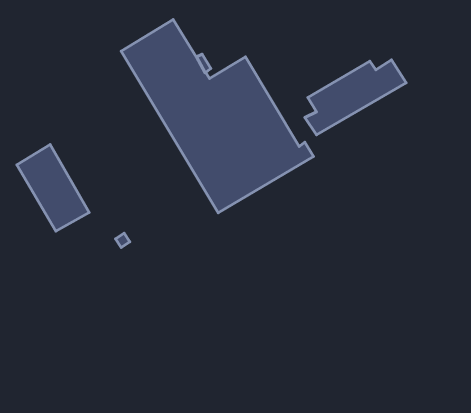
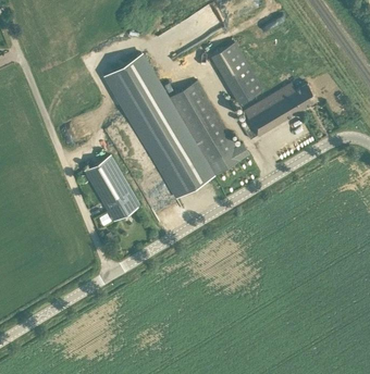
building: none -> [211,43,261,104]
building: [17,145,89,231] -> [85,155,139,221]

